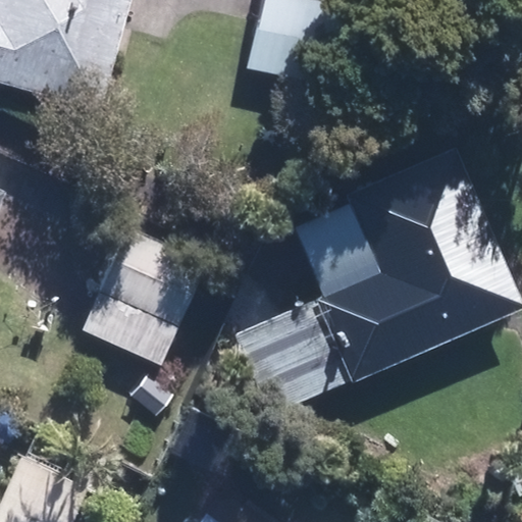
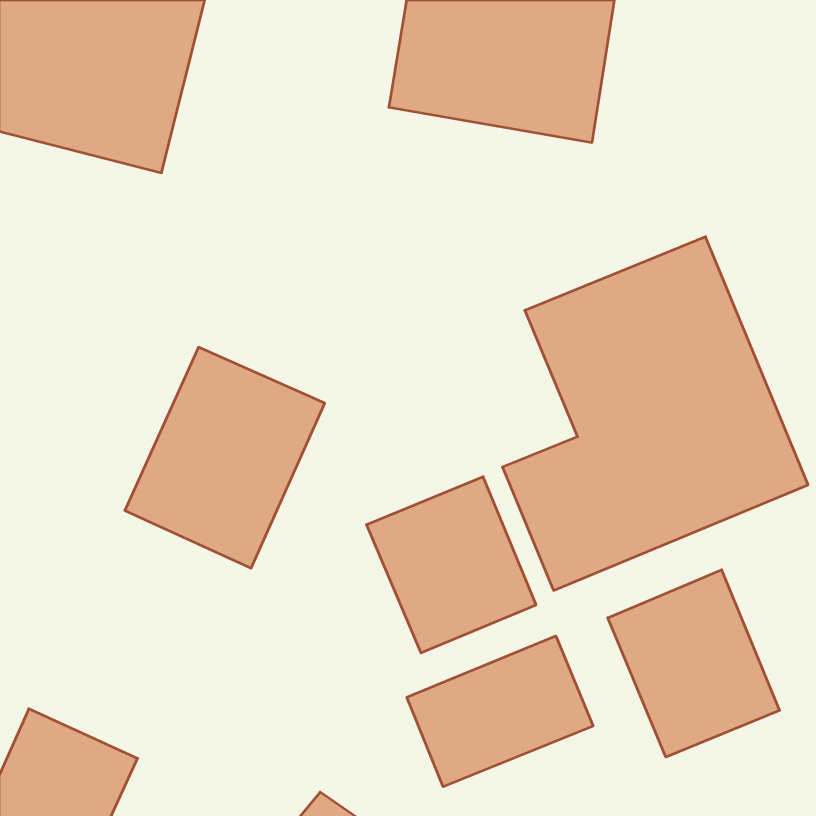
building: none -> [608,570,780,757]
building: none -> [407,636,593,787]

